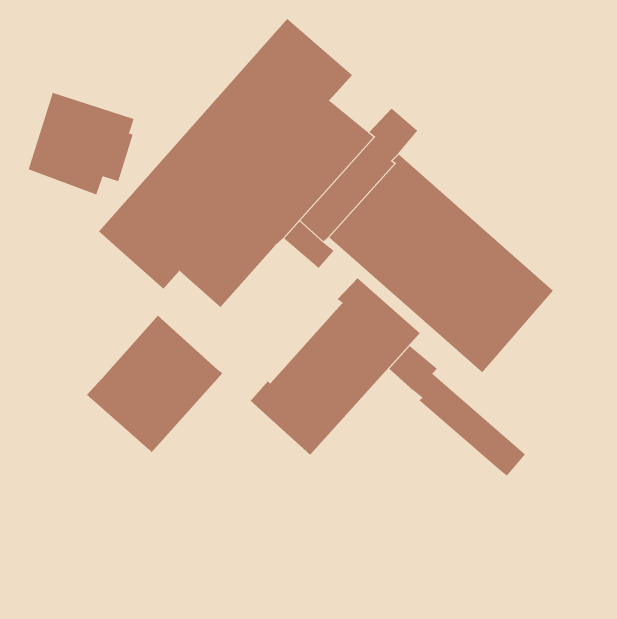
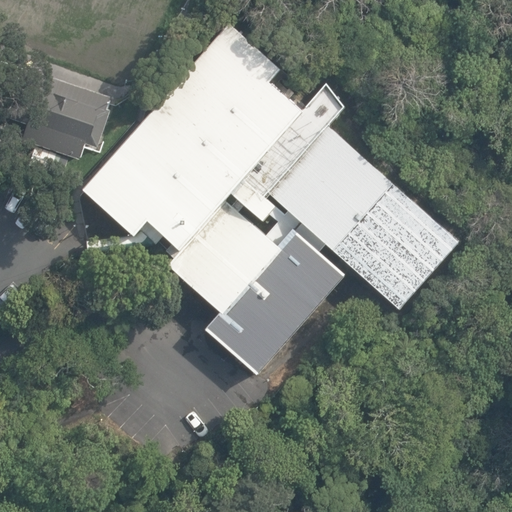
building: [86,315,223,453] -> [169,202,282,316]
building: [389,345,526,477] -> none

